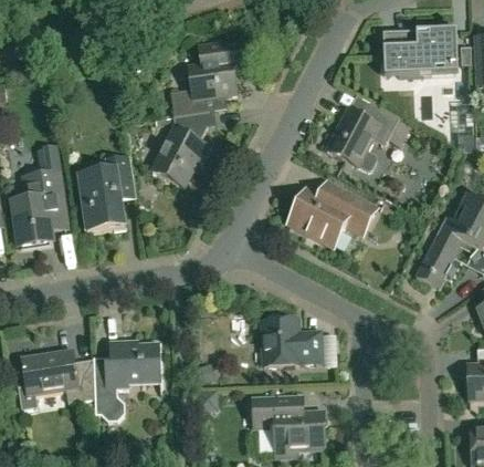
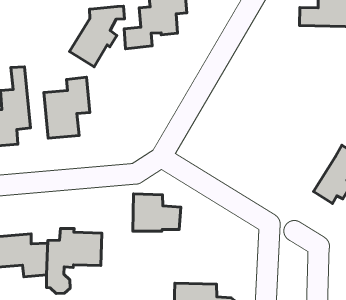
building: [327,107,399,167] -> none
building: [152,110,217,186] -> [70,6,124,67]
building: [287,181,373,245] -> none
building: [262,319,320,365] -> [133,194,181,231]

